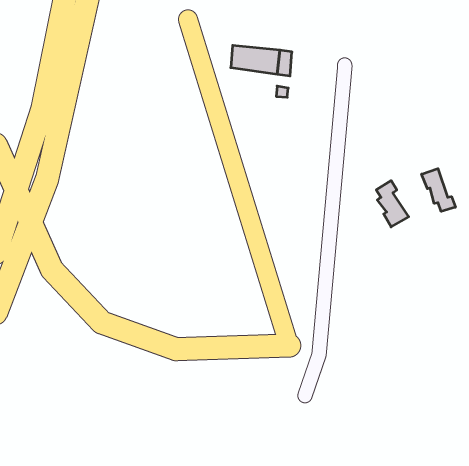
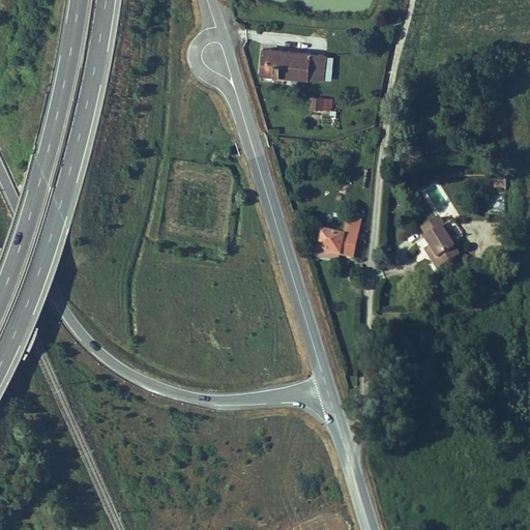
building: [422,169,455,211] -> none
building: none -> [322,209,361,254]

